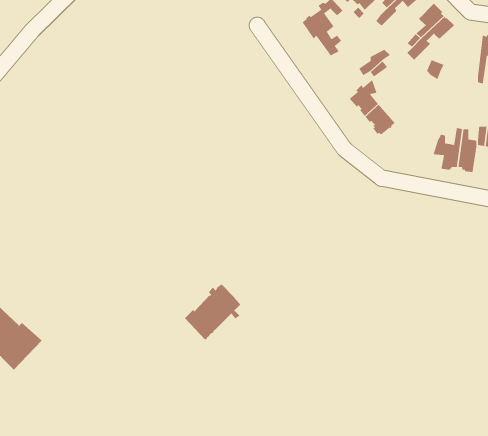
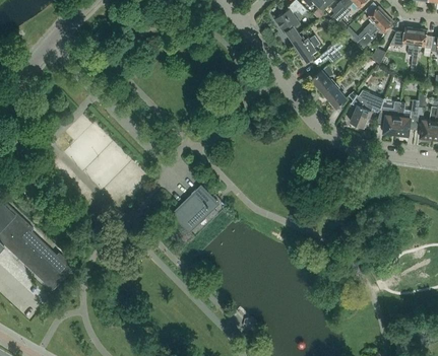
building: none -> [389,27,415,62]
building: none -> [294,34,320,62]
building: none -> [350,89,384,128]
building: [184,283,242,341] -> [172,187,216,231]

